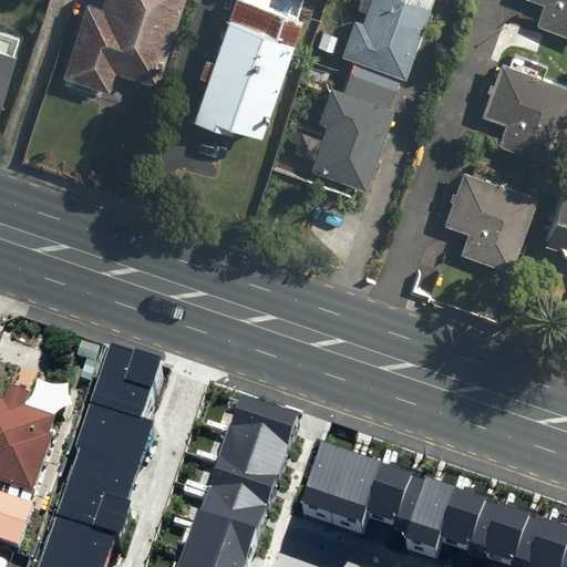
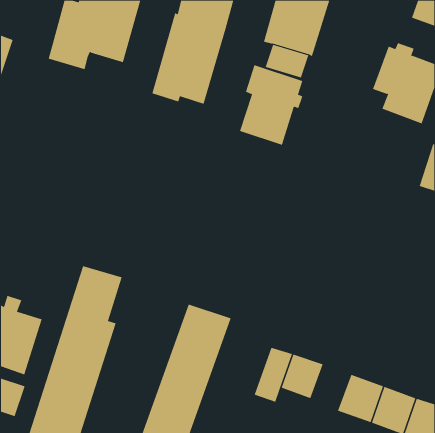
building: [445,166,538,274] -> none
building: [300,443,352,516] -> none
building: [400,476,456,546] -> none

